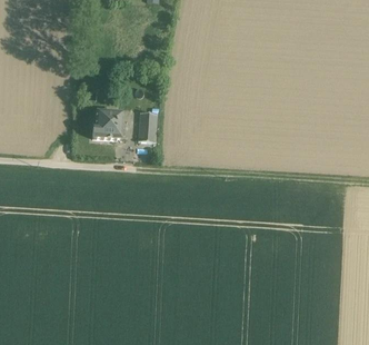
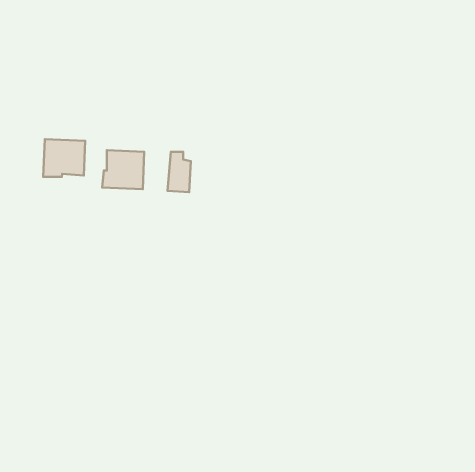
building: none -> [43,139,85,177]

